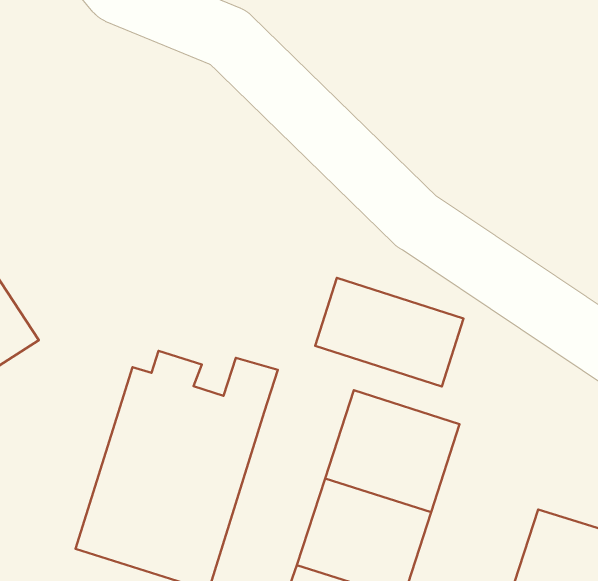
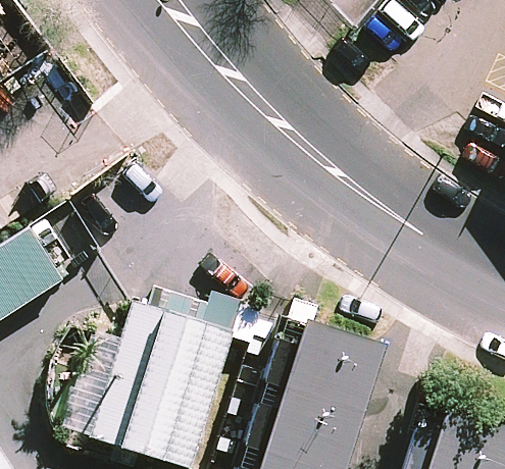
building: [315,278,463,386] -> none

